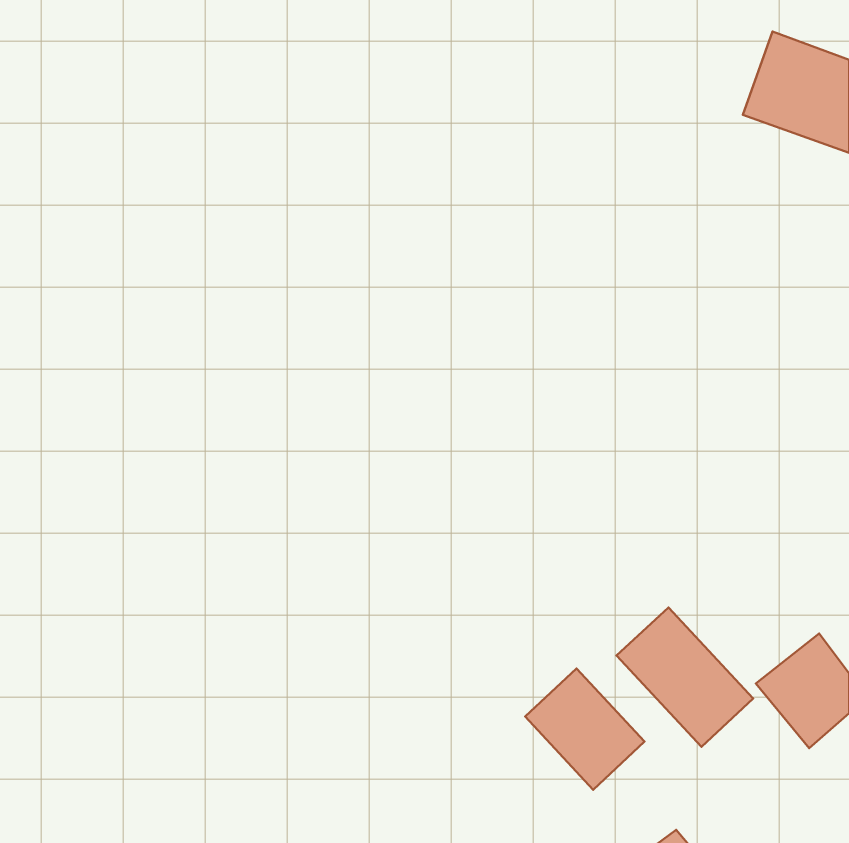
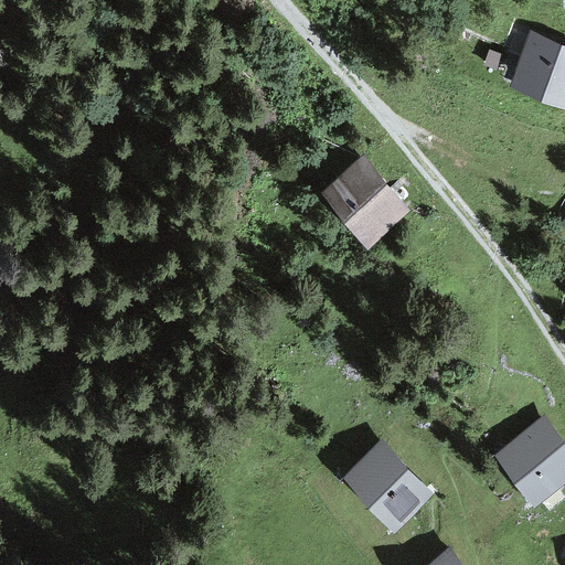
building: none -> [329,168,401,242]
building: [617,607,753,747] -> none

